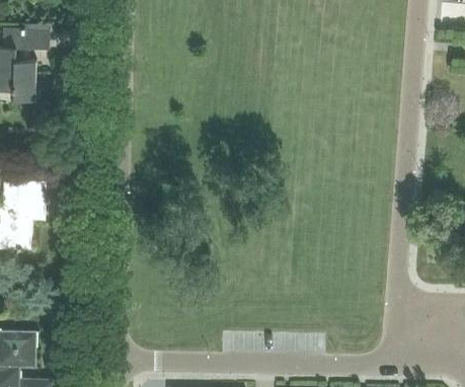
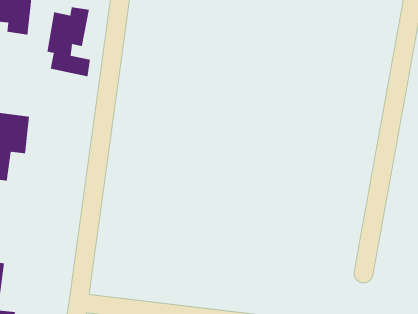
building: none -> [47,6,90,77]

